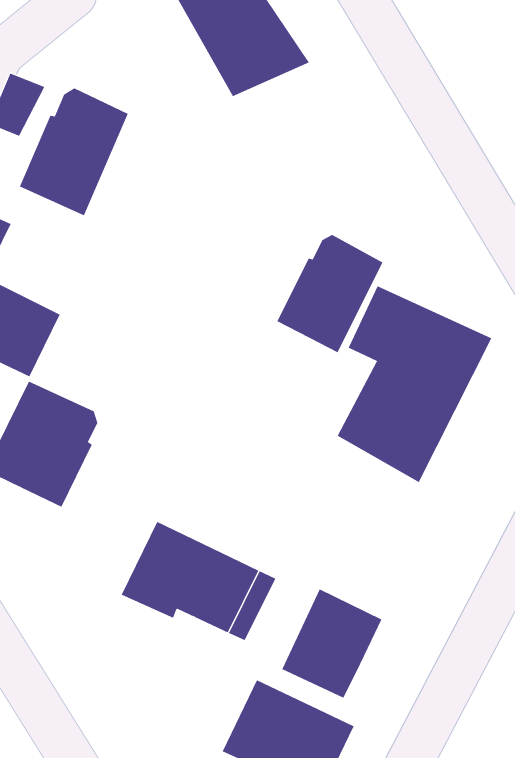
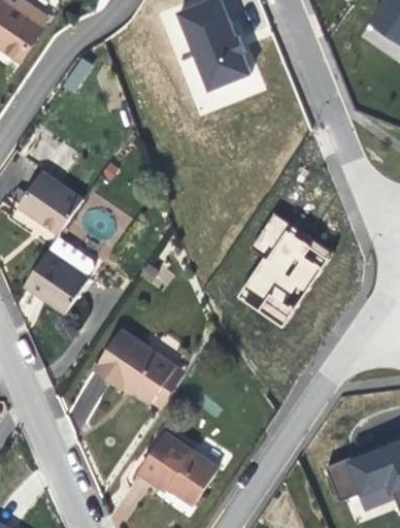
building: [19,87,129,216] -> none
building: [276,234,383,353] -> none
building: [282,588,382,699] -> none

